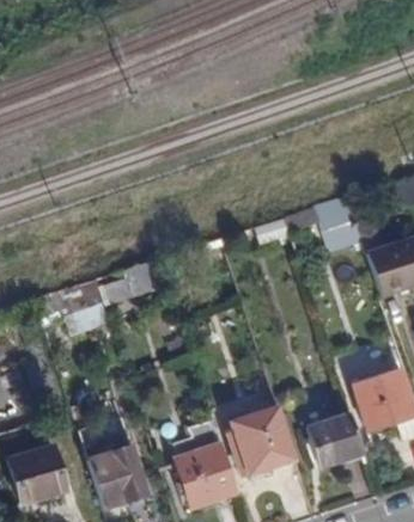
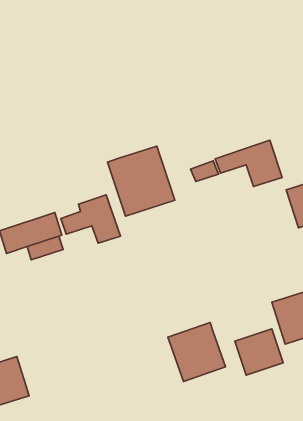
building: none -> [107,146,175,216]
building: [77,416,147,509] -> none
building: [169,418,238,508] -> none

